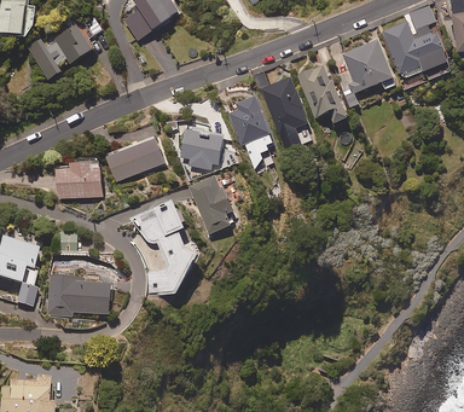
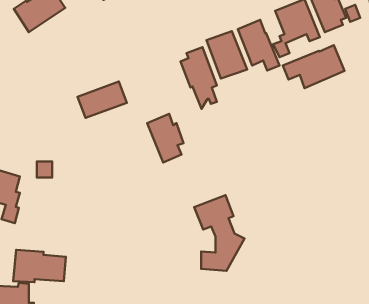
building: none -> [283,45,344,88]
building: [180,126,225,168] -> none
building: [57,159,101,197] -> none
building: [138,202,198,292] -> [194,195,245,271]
building: [46,277,109,315] -> [13,250,66,282]

